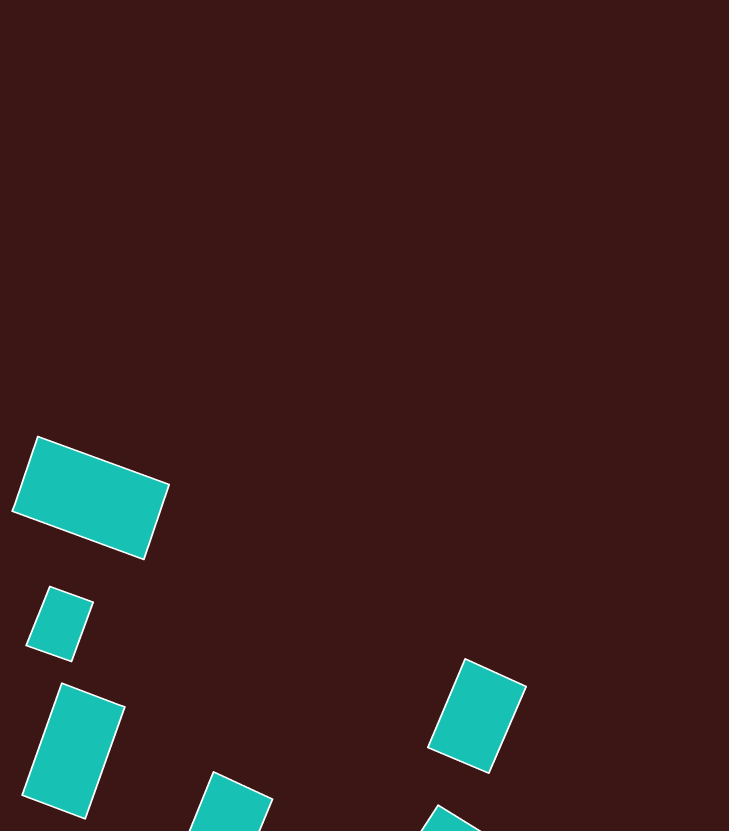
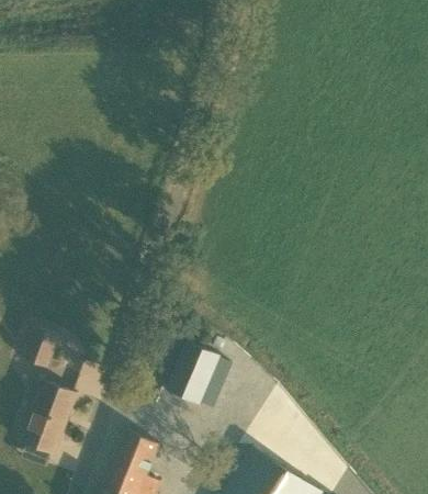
building: [12,437,169,559] -> none
building: [428,659,526,773] -> [166,345,221,408]

